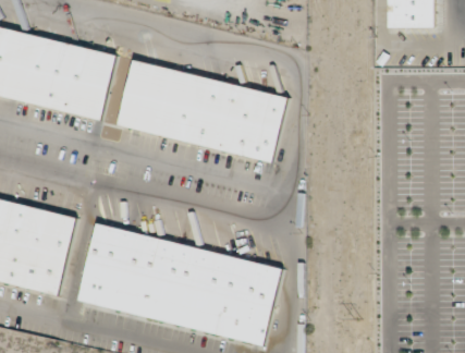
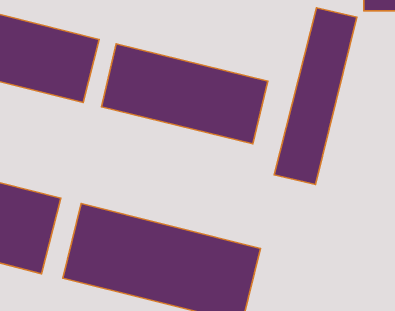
building: none -> [274,8,357,184]

